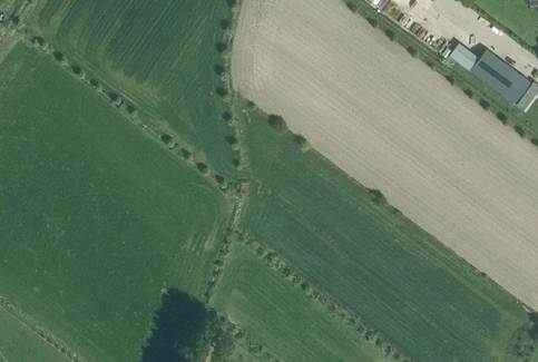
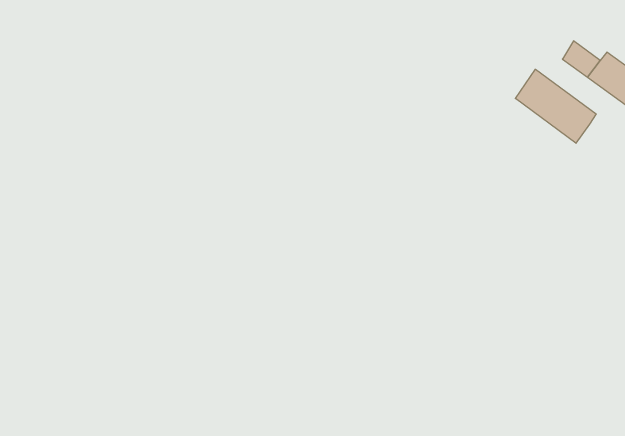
building: none -> [515,69,596,143]

